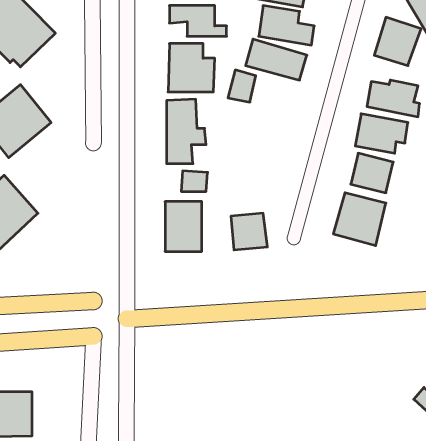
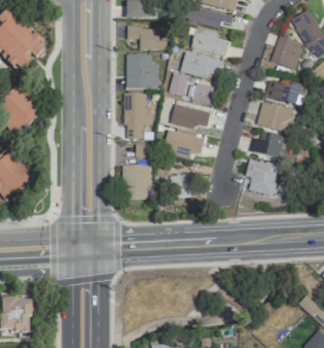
building: none -> [187,81,217,105]
building: none -> [171,103,211,129]
building: none -> [164,127,206,156]

